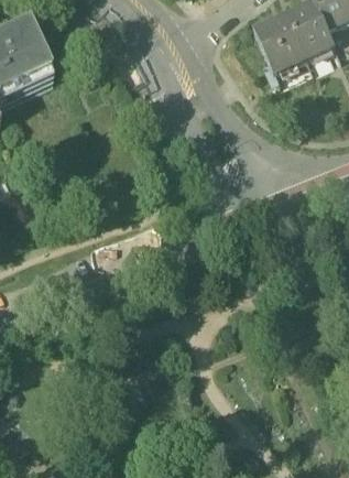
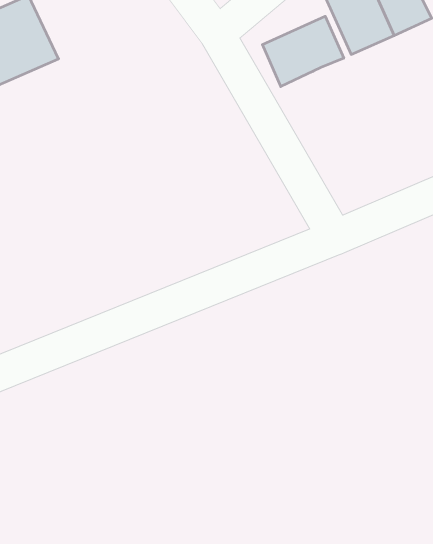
building: none -> [262,16,344,87]

